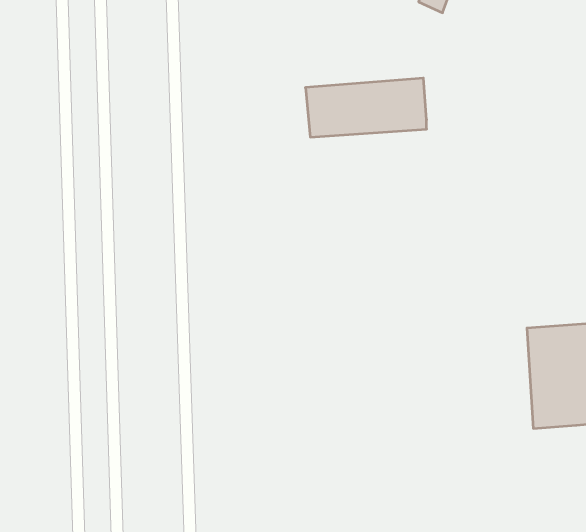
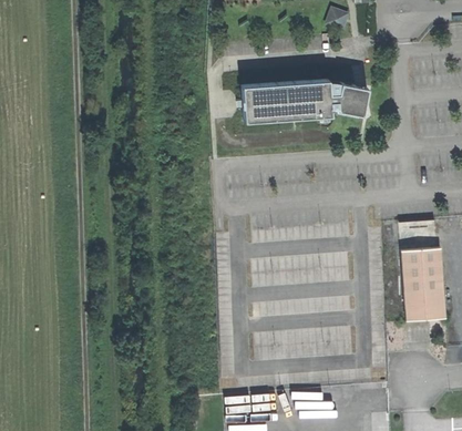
building: none -> [328,79,374,115]

